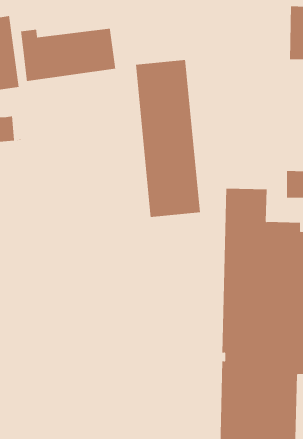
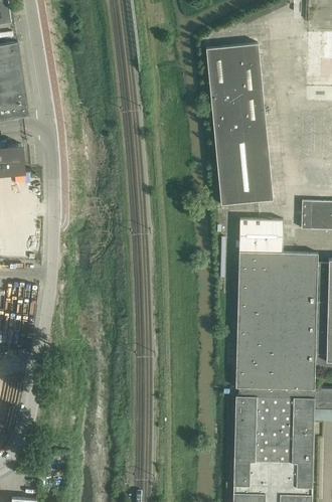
building: [20,28,116,82] -> none
building: [135,60,201,217] -> [205,43,273,205]

